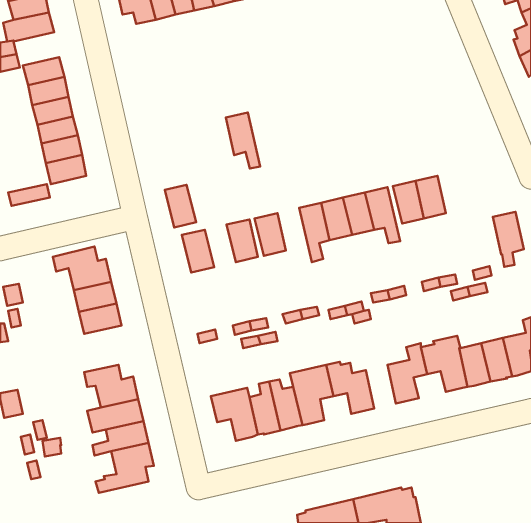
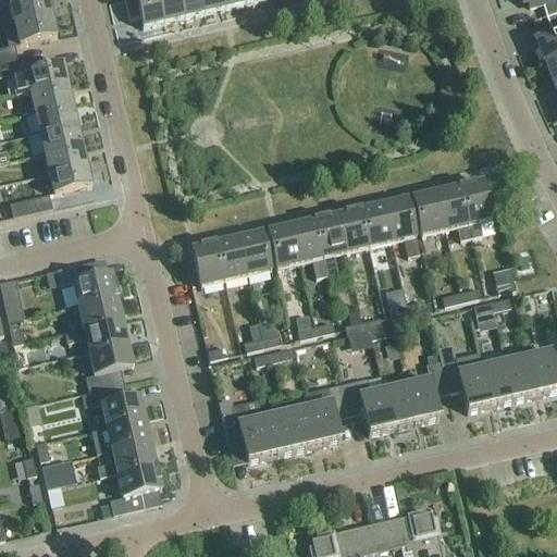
building: [226,112,260,169] -> [290,218,326,276]
building: [165,185,196,227] -> [214,235,247,280]
building: [493,212,524,267] -> [458,178,491,236]
building: none -> [85,341,133,389]
building: none -> [383,382,414,428]

